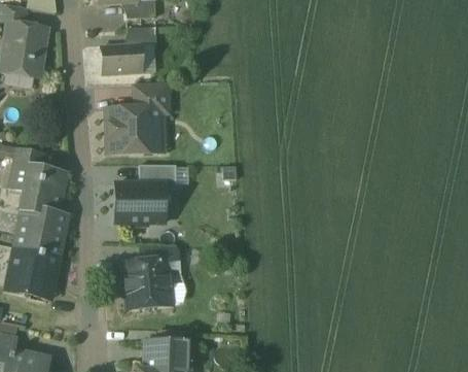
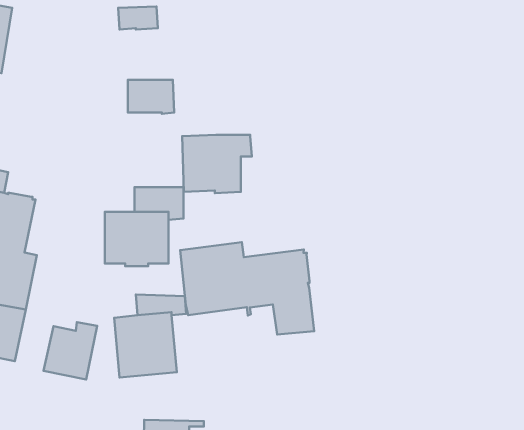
building: [101,43,142,74] -> none
building: [108,107,160,151] -> [182,135,252,193]
building: none -> [180,242,314,335]
building: none -> [43,322,97,379]

